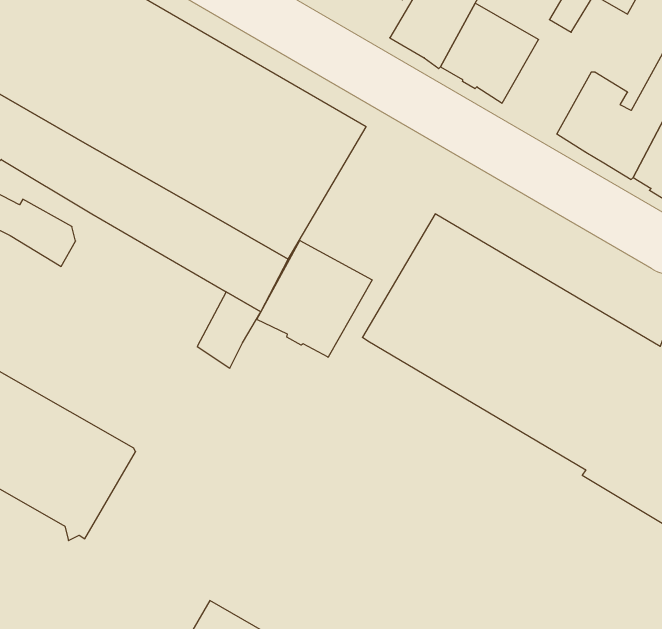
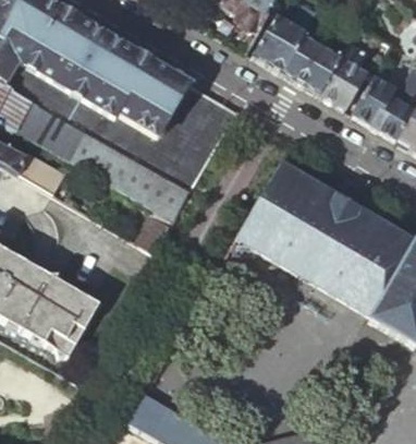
building: none -> [319,56,367,109]
building: [257,240,372,357] -> none

